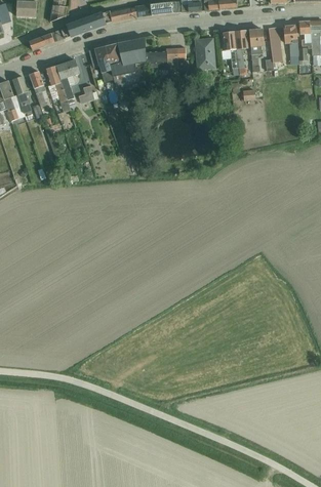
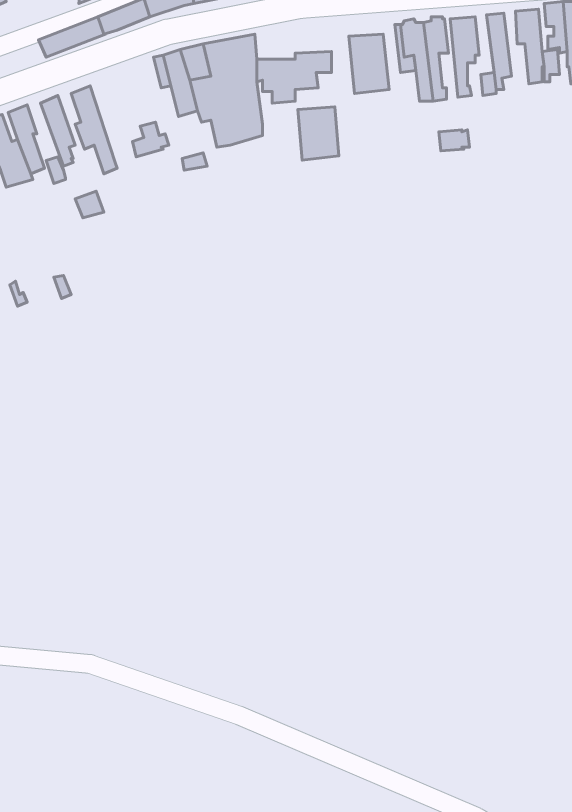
building: [56,59,80,107] -> none
building: none -> [298,107,339,160]

